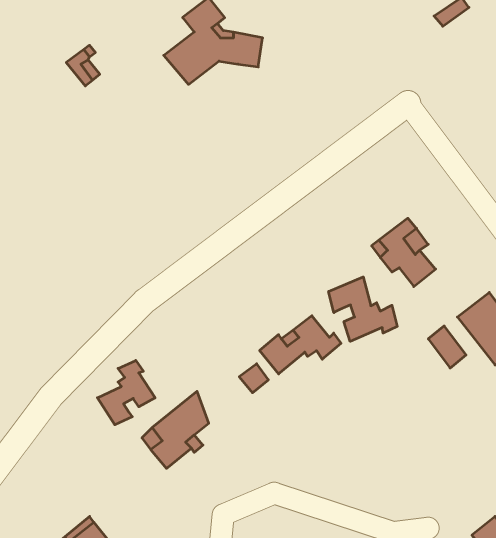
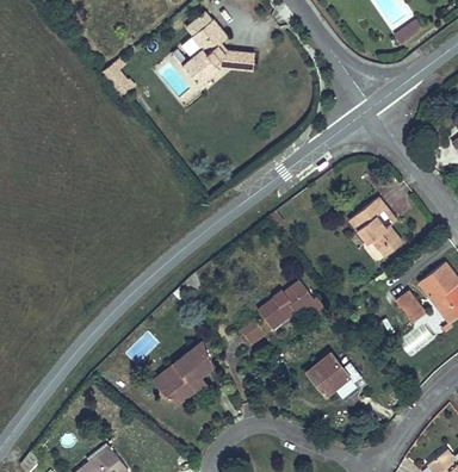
building: [329,277,397,341] -> none
building: [97,360,155,425] -> none
building: none -> [303,354,340,395]

